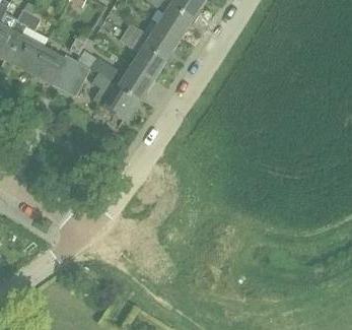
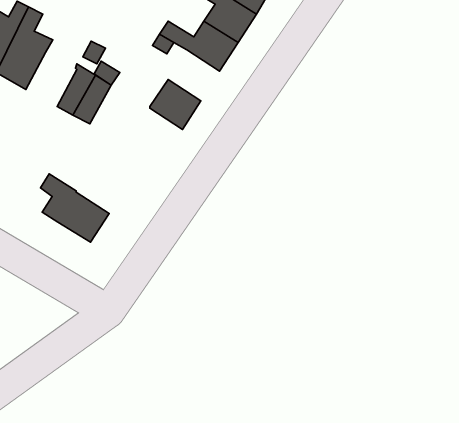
building: [129,44,165,80] -> none
building: [27,46,64,84] -> none
building: [90,72,139,121] -> [41,174,109,242]

